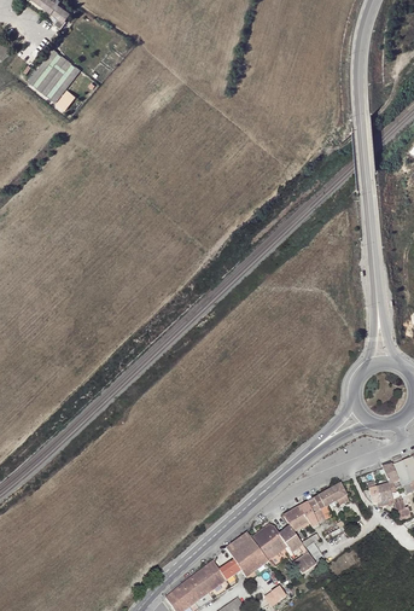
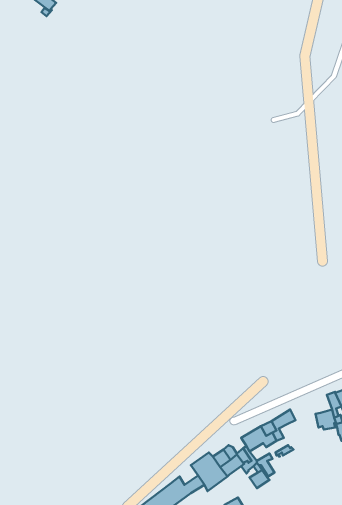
building: [28,47,81,103] -> none

